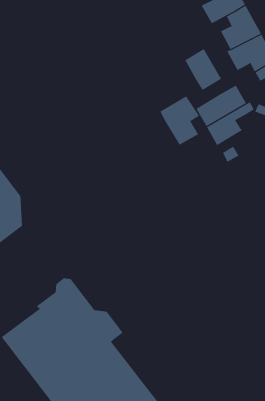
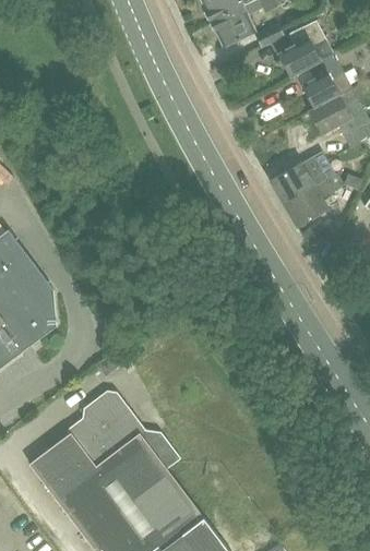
building: [184,48,222,91] -> none
building: [160,95,200,146] -> none

